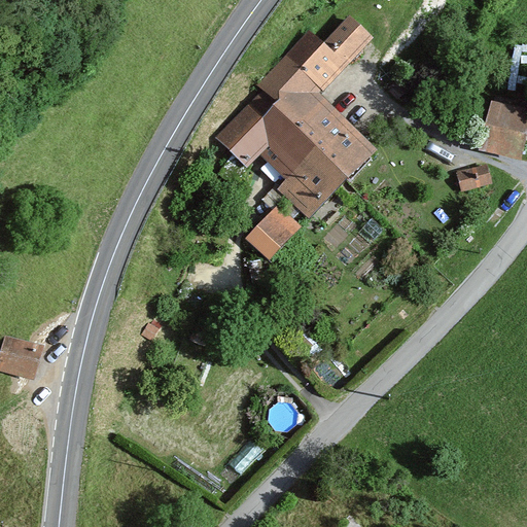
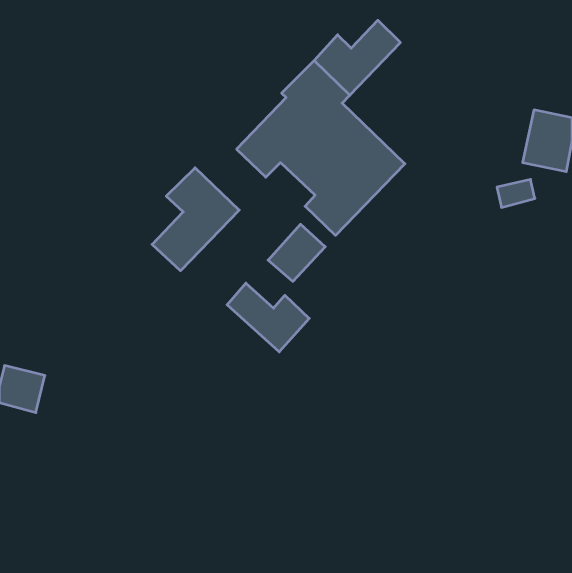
building: none -> [152,168,239,271]
building: none -> [227,283,309,352]

